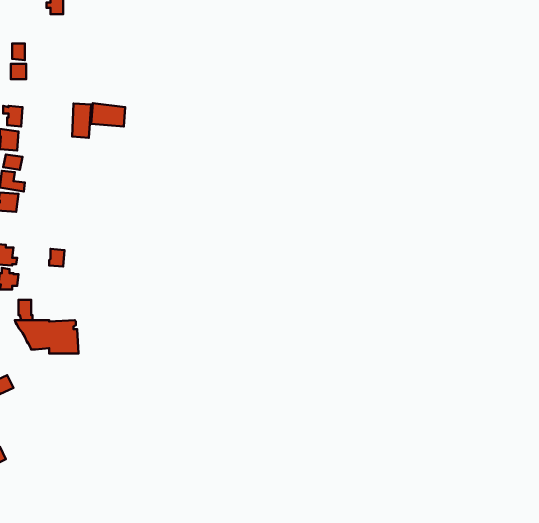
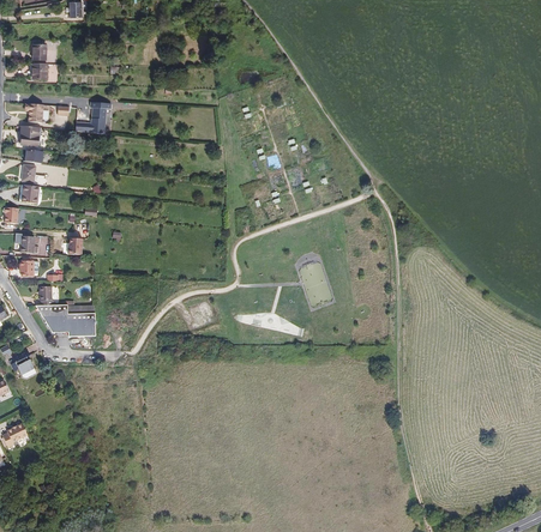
building: [91,103,125,126] -> none

